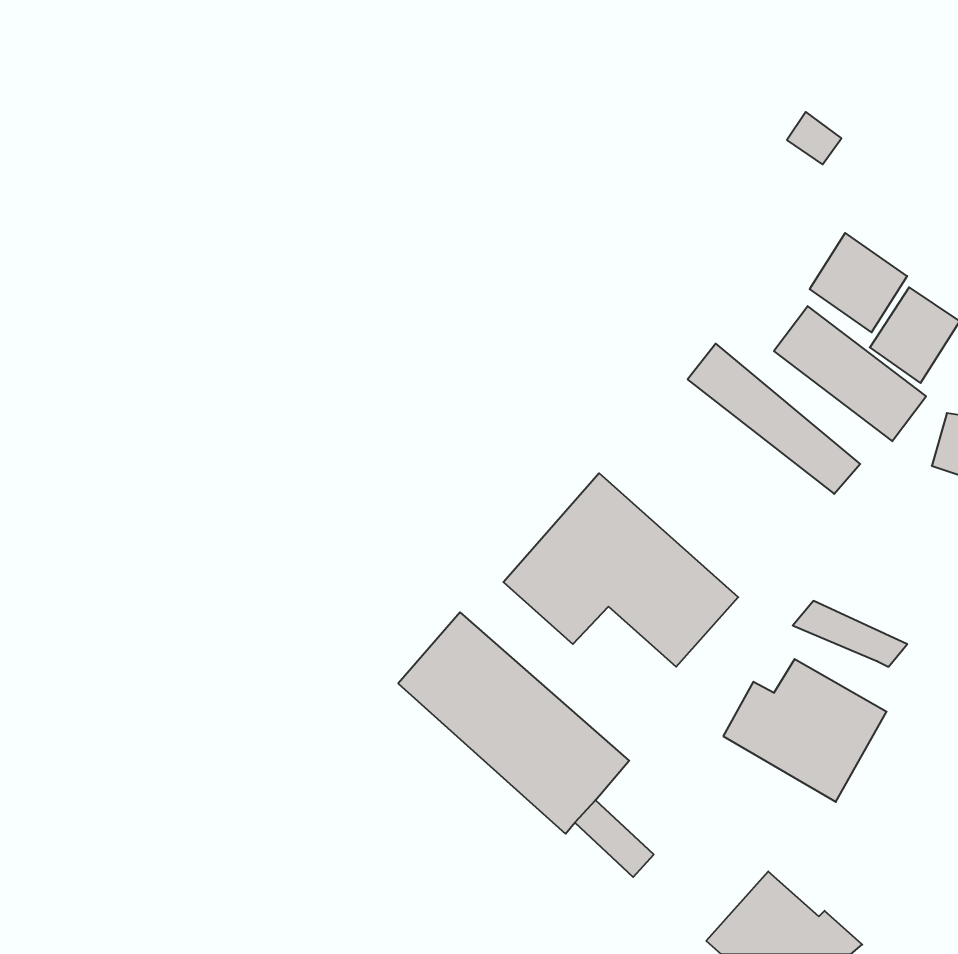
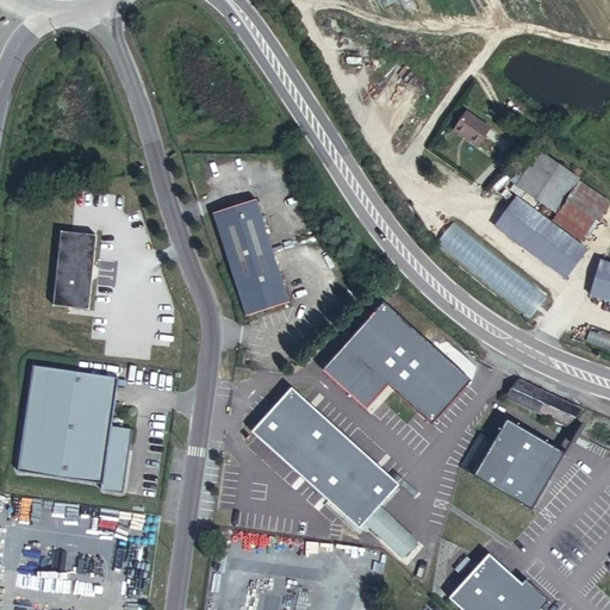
building: [787,112,841,164] -> [452,108,486,142]
building: none -> [213,197,288,313]
building: none -> [54,231,98,309]
building: none -> [17,365,131,491]

